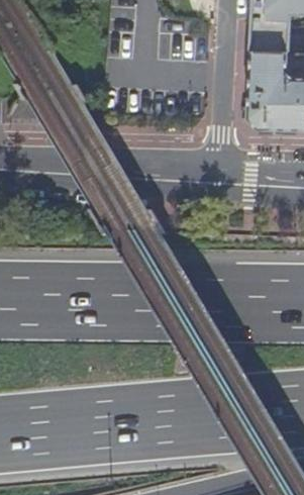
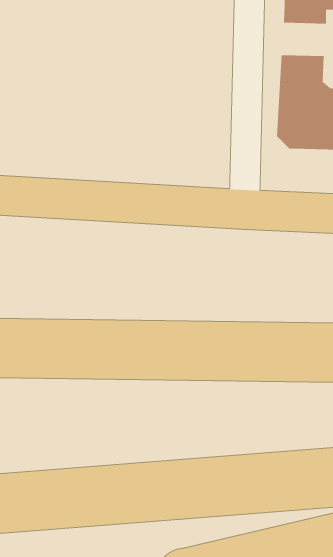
building: [251,22,291,51] -> none

